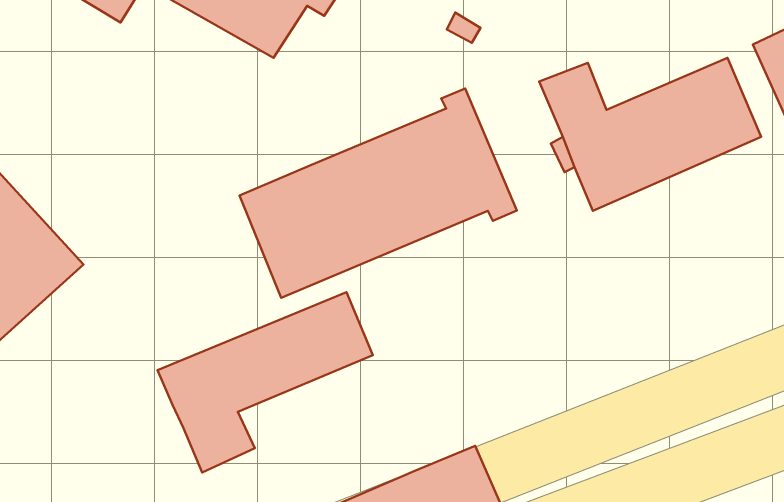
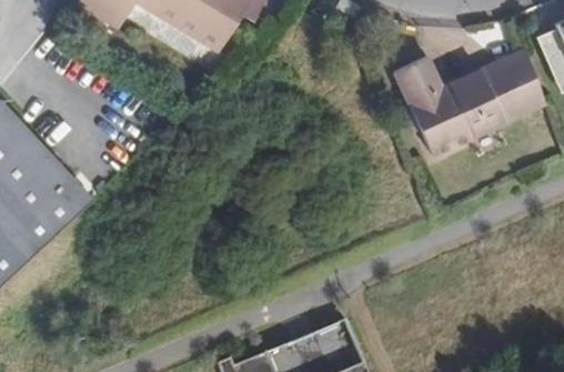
building: [240,88,517,298] -> none
building: [158,292,373,472] -> none

